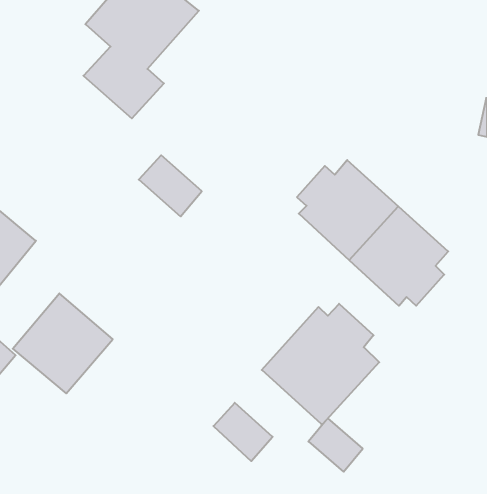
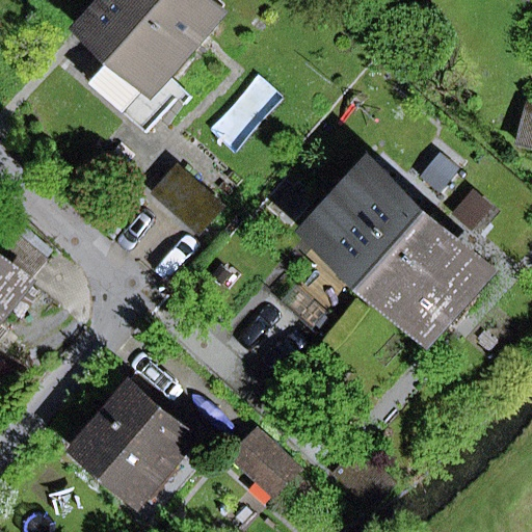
building: [13,293,113,393] -> [82,390,189,497]
building: [262,304,379,424] -> none

